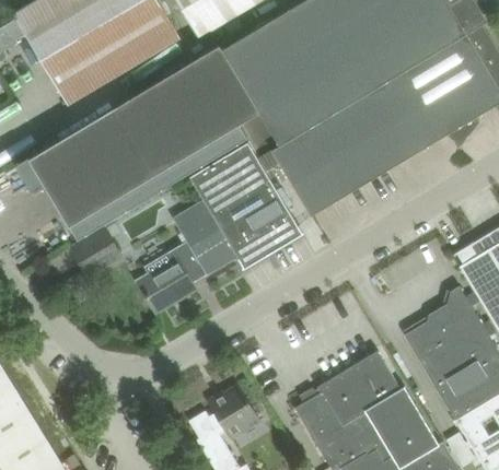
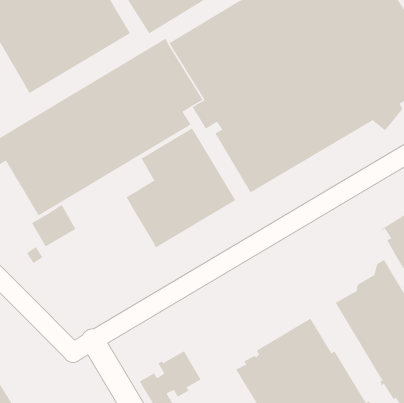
building: [138,242,206,313] -> none

